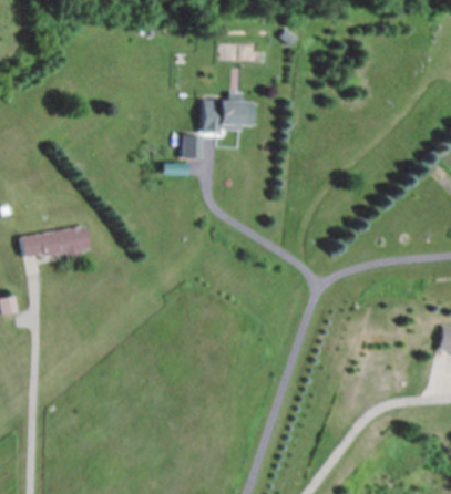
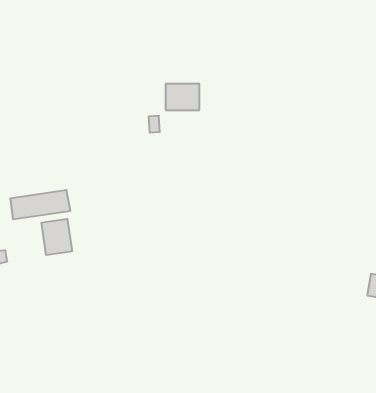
building: none -> [42,219,72,255]

